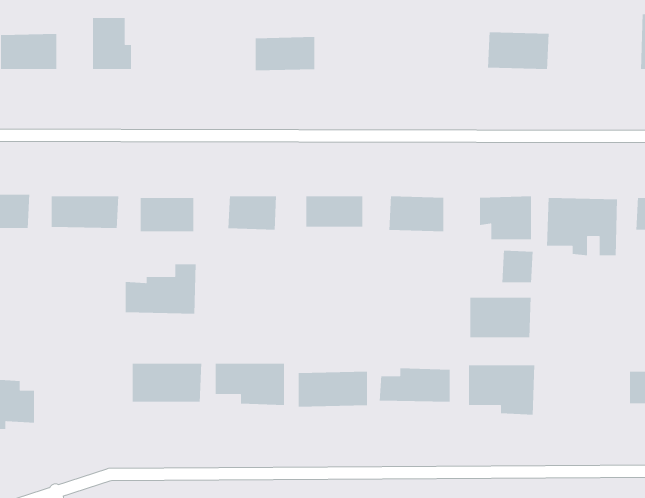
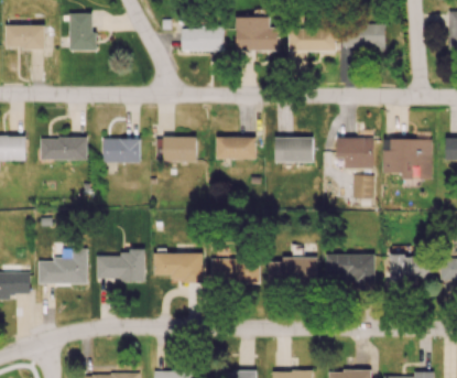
building: none -> [236,17,278,51]
building: none -> [289,26,336,52]
building: [125,263,197,314] -> [39,248,88,283]
building: [469,297,532,338] -> [389,255,432,283]

